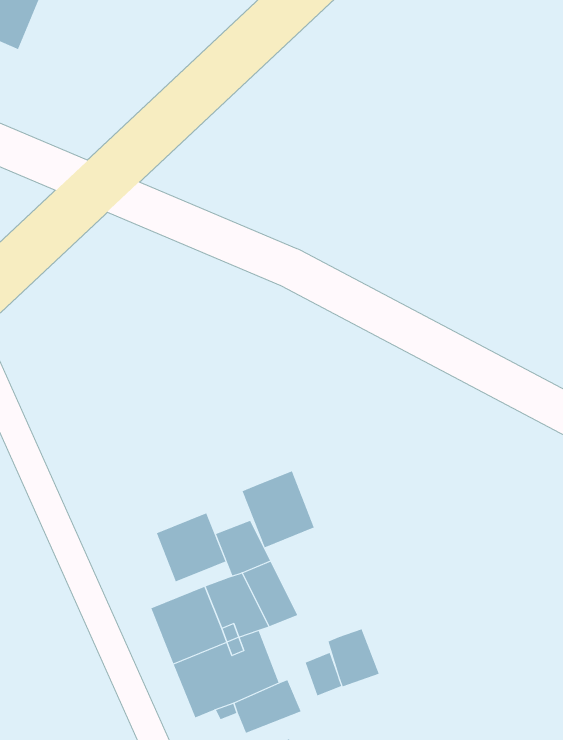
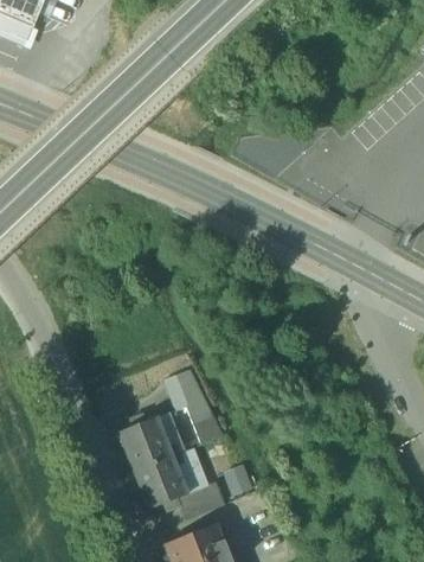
building: [242,471,315,548] -> none
building: [156,512,226,582] -> none
building: [328,629,379,687] -> none

